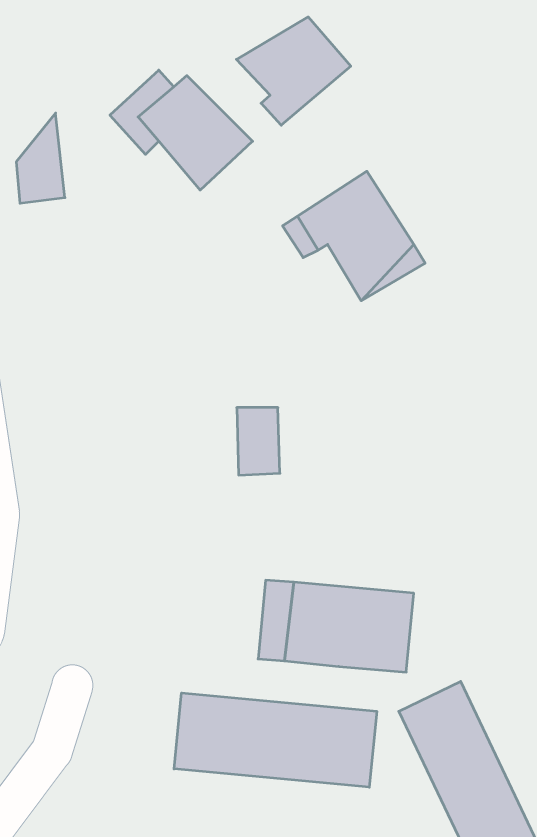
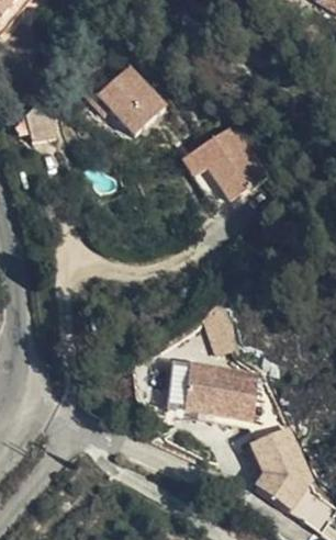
building: [236,17,351,125] -> none
building: [237,408,280,475] -> [206,314,232,353]
building: [174,693,377,787] -> none

